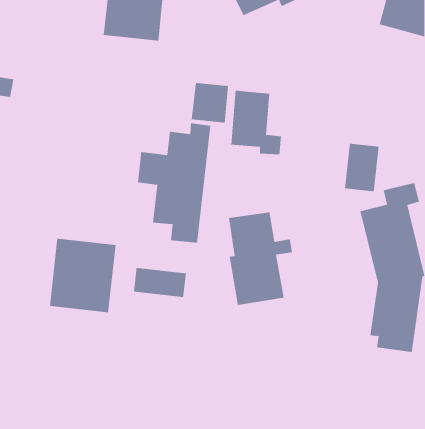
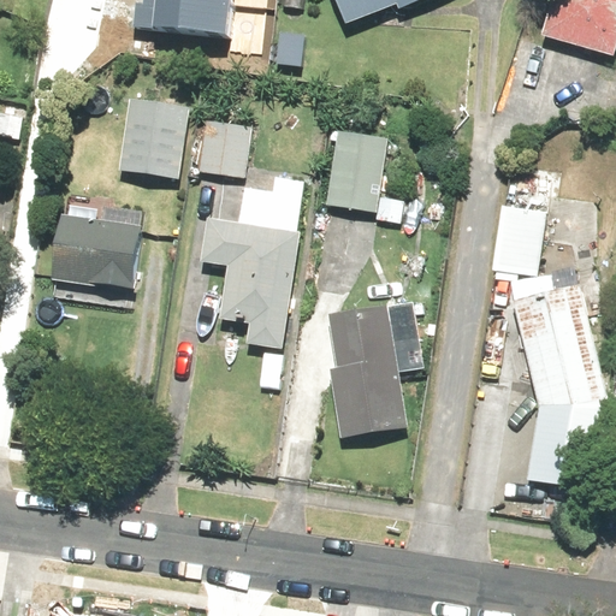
building: none -> [118,96,188,177]
building: [191,83,229,123] -> [197,117,251,174]
building: [49,238,116,313] -> [51,201,147,308]
building: [133,267,186,298] -> none

